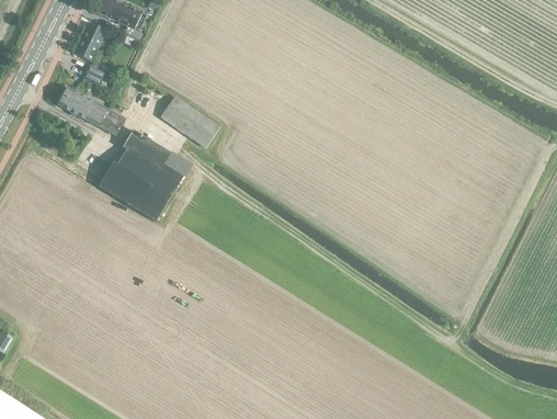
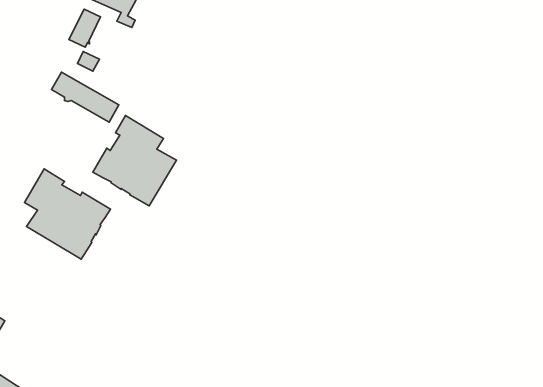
building: [158,94,219,148] -> none
building: none -> [24,169,111,259]

